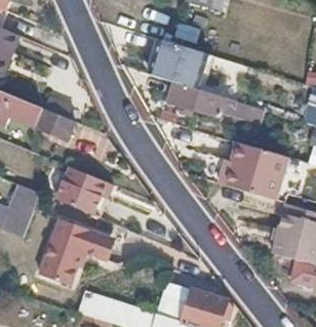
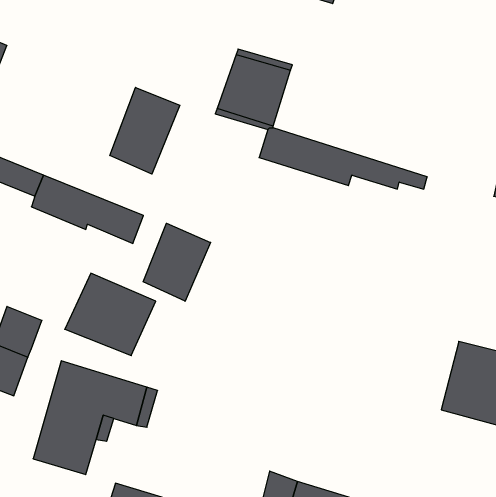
building: none -> [110,87,180,174]
building: none -> [143,223,211,301]
building: [229,146,284,198] -> none

